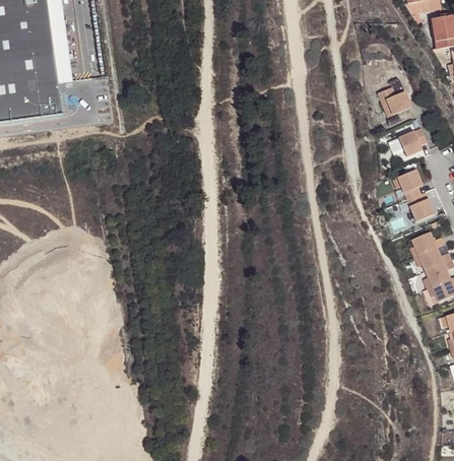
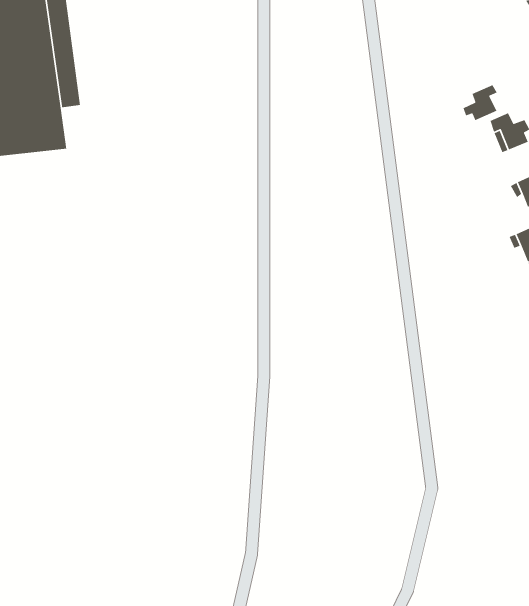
building: none -> [463,84,498,121]

